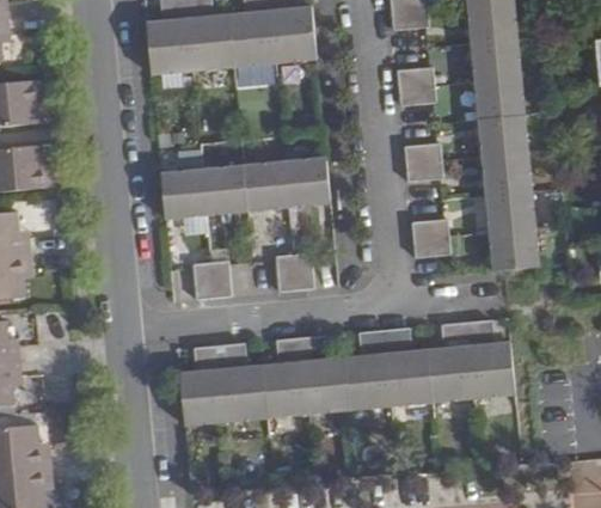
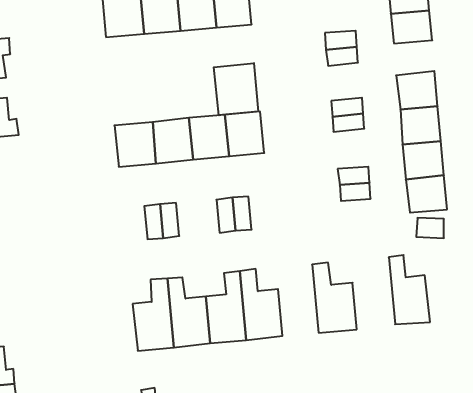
building: [474,78,520,117] -> none
building: none -> [214,63,258,115]
building: [428,322,476,403] -> none
building: [344,330,390,410] -> none

